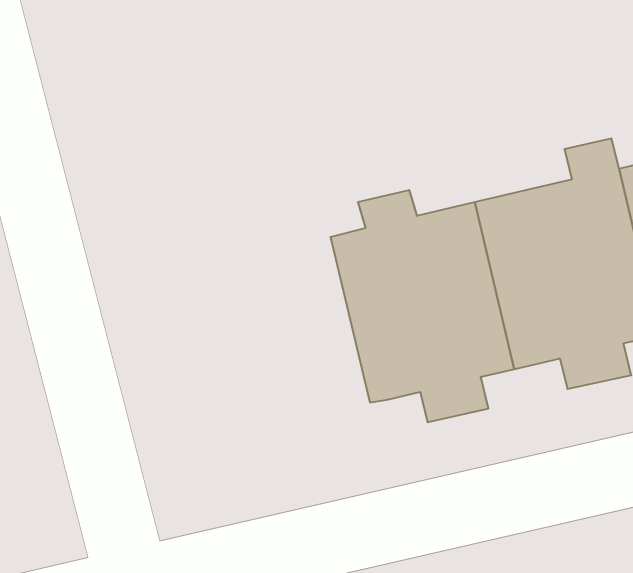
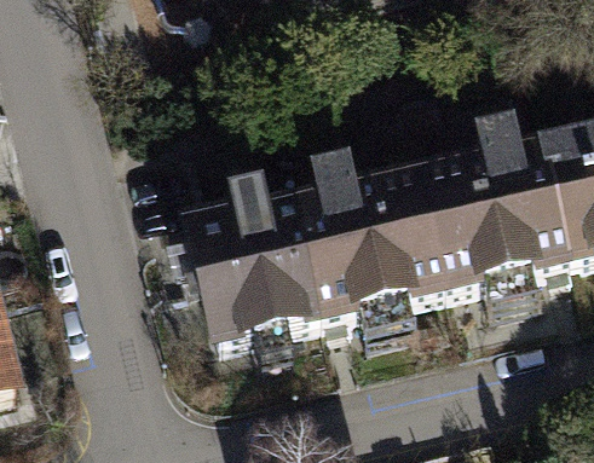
building: none -> [192,191,339,351]

